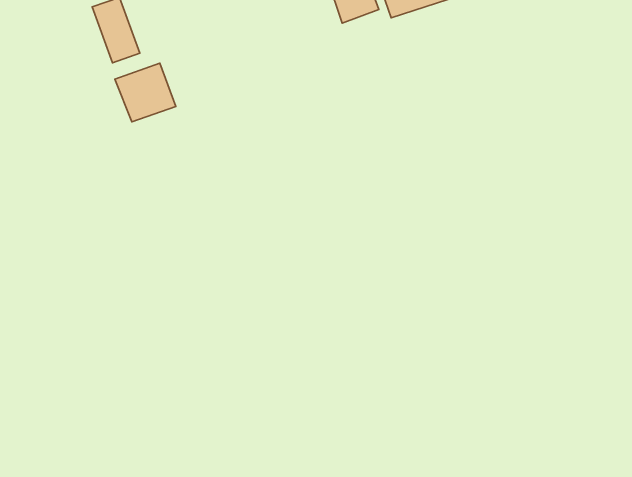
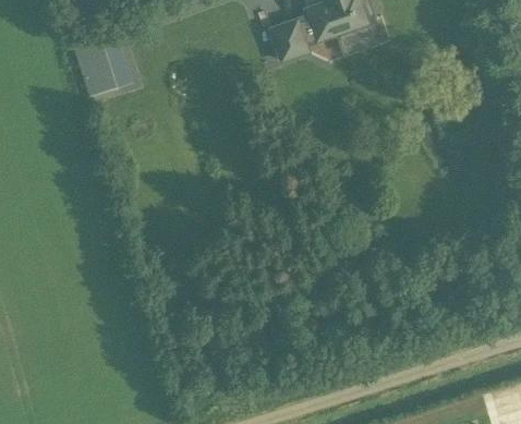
building: [115,63,176,122] -> none

